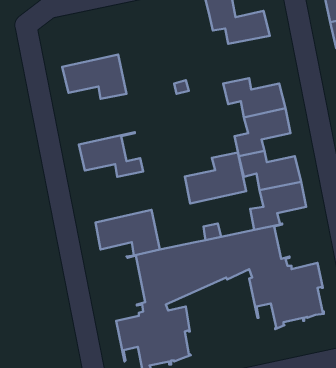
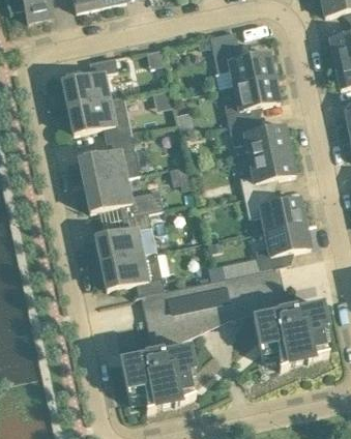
building: none -> [62,56,117,107]
building: none -> [224,76,280,123]
building: none -> [79,134,140,184]
building: [185,153,246,203] -> [95,211,156,262]

